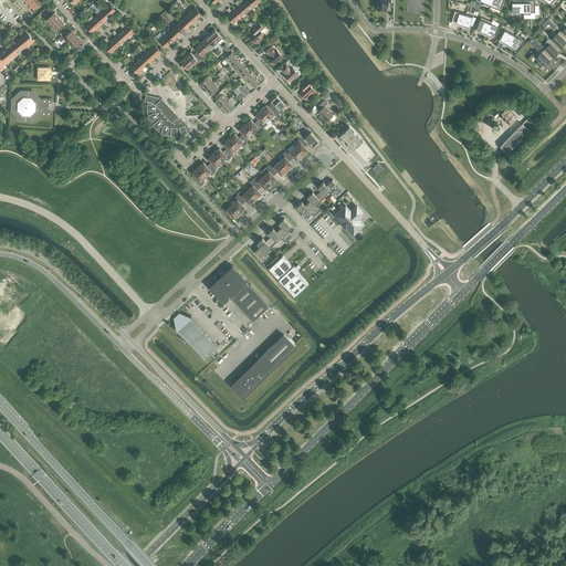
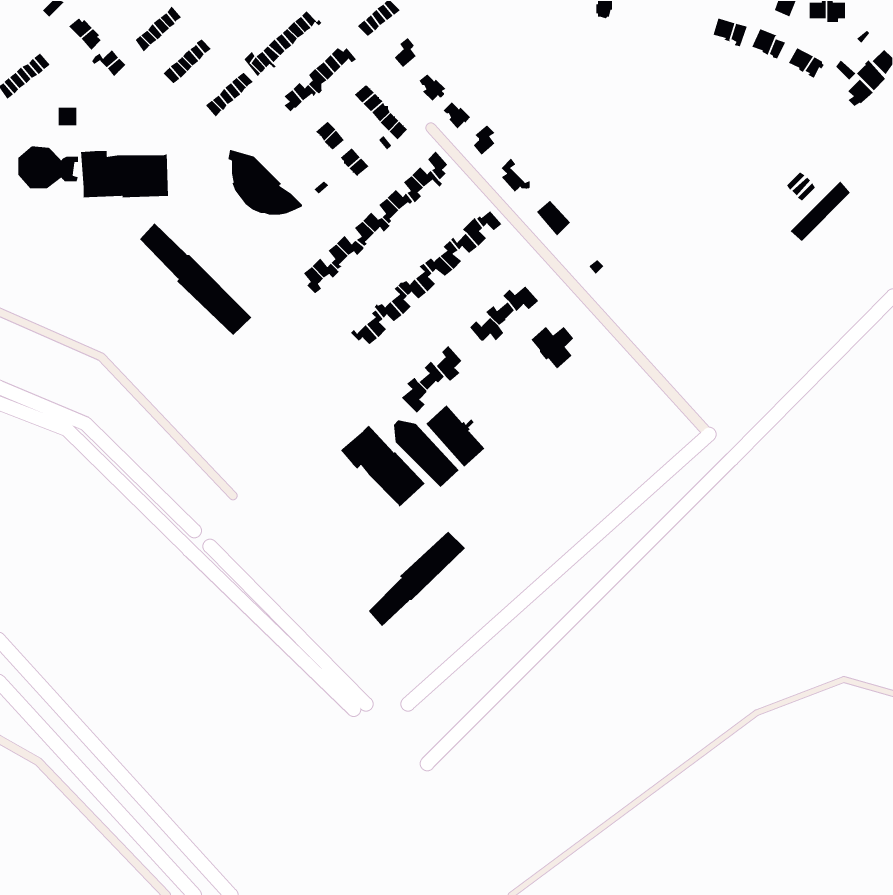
building: none -> [80,150,169,198]
building: none -> [139,222,252,336]
building: [175,315,217,358] -> [393,420,460,488]

